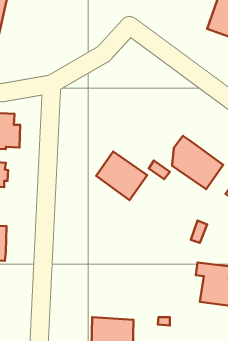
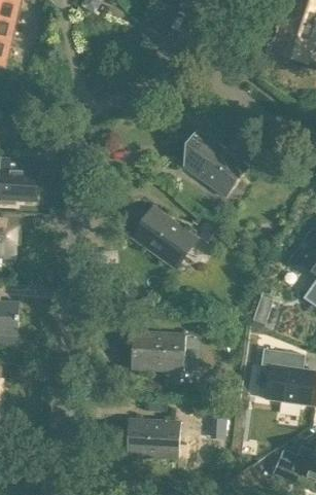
building: [172,136,223,189] -> [183,129,248,197]
building: none -> [131,330,185,372]

